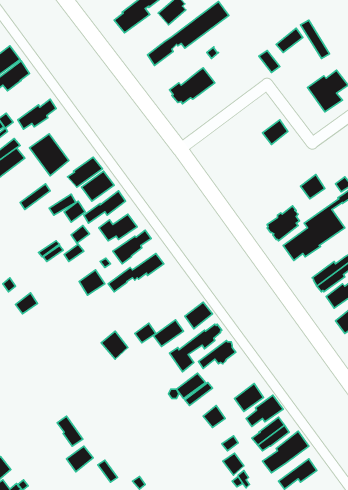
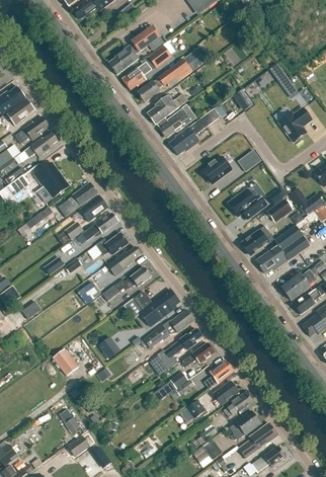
building: none -> [123,61,152,89]
building: none -> [147,93,188,125]
building: none -> [169,108,220,155]
building: none -> [15,115,50,143]
building: none -> [202,156,232,183]
building: none -> [228,188,267,216]
building: none -> [134,289,180,325]
building: none -> [53,347,79,376]
building: none -> [203,359,234,388]

